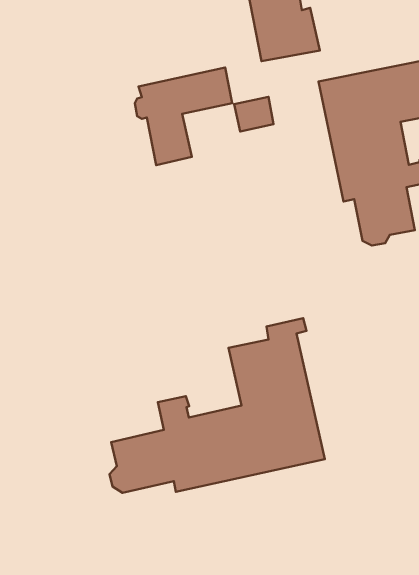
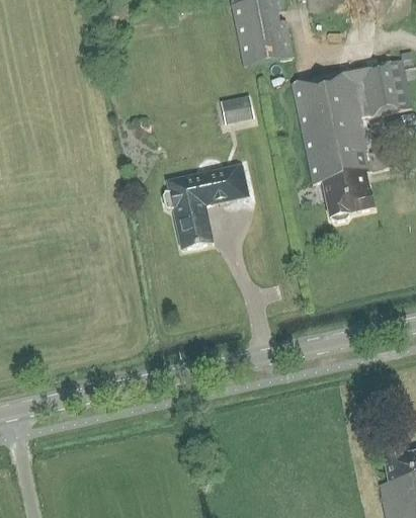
building: [135,68,232,165] -> [164,166,247,249]
building: [109,318,325,493] -> none

